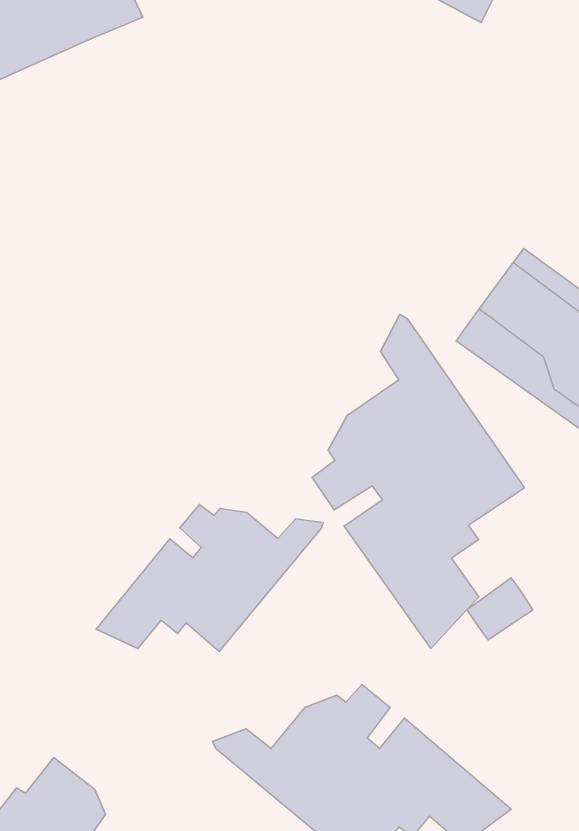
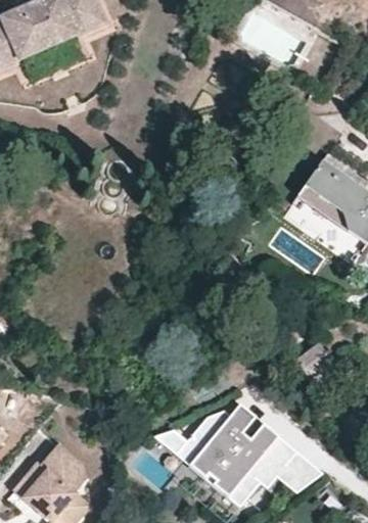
building: [312,314,524,648] -> none
building: [96,504,323,652] -> none

